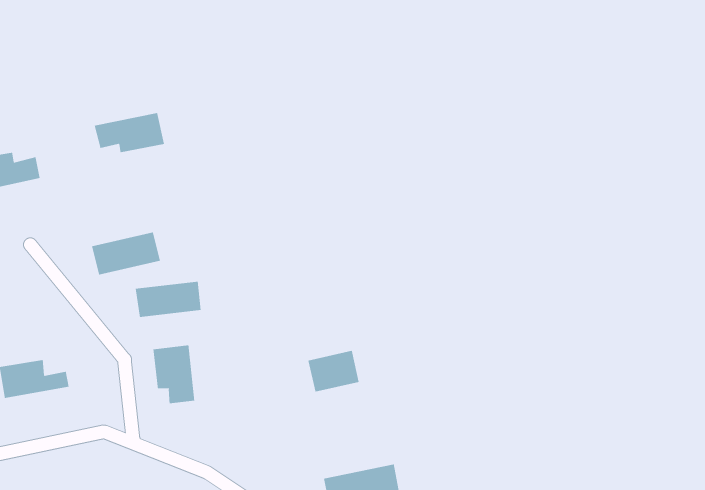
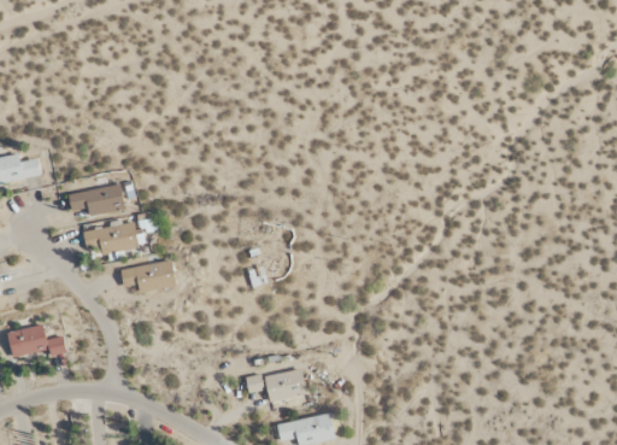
building: [94,112,165,153] -> [66,183,125,217]
building: [153,345,195,404] -> none
building: [307,350,360,392] -> [264,368,307,403]

